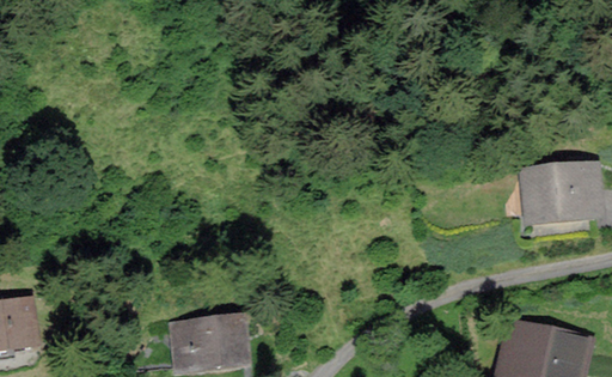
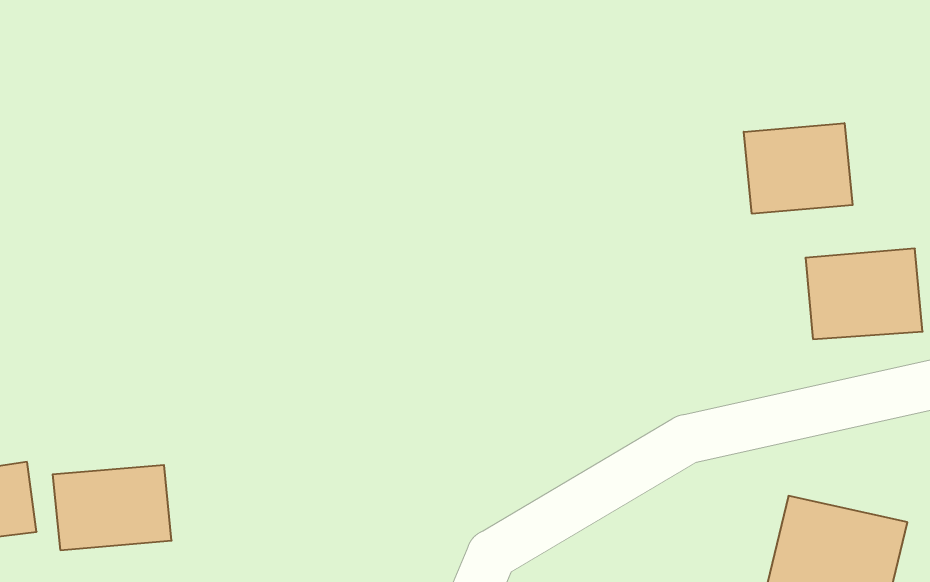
building: none -> [744,123,853,214]
building: [173,315,249,369] -> [53,465,172,550]

